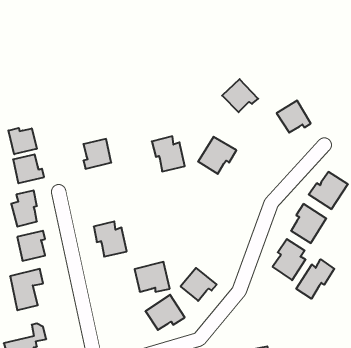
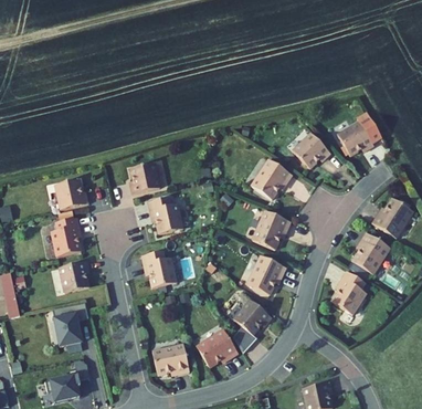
building: [222,79,258,112] -> [293,133,331,168]
building: [8,128,37,154] -> none
building: [152,136,185,171] -> [147,196,182,233]
building: none -> [252,210,291,249]
building: none -> [246,255,286,294]
building: [296,259,334,299] -> none
building: [135,262,170,292] -> [151,343,189,375]

